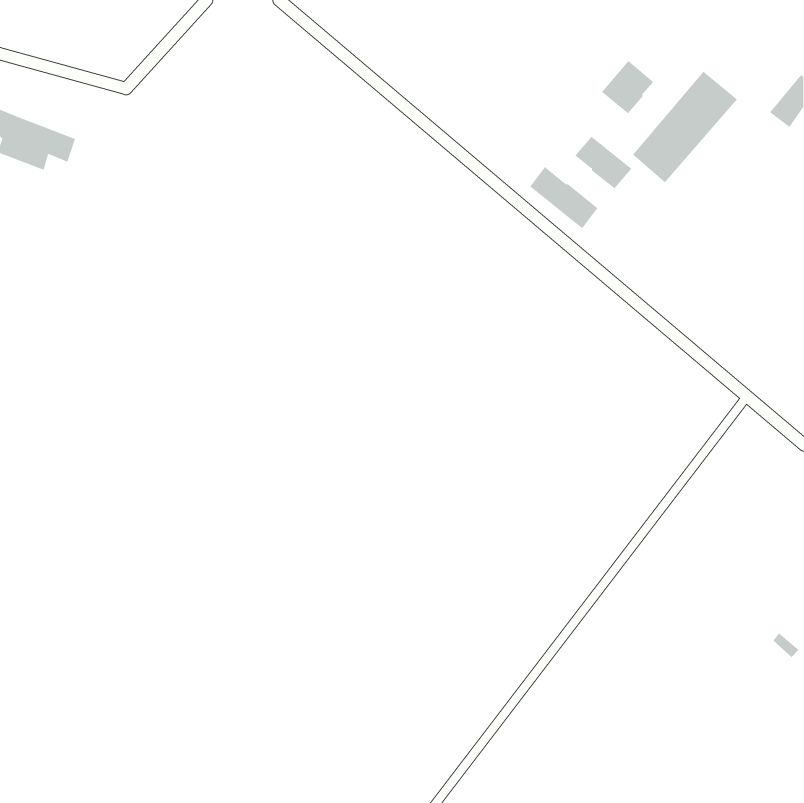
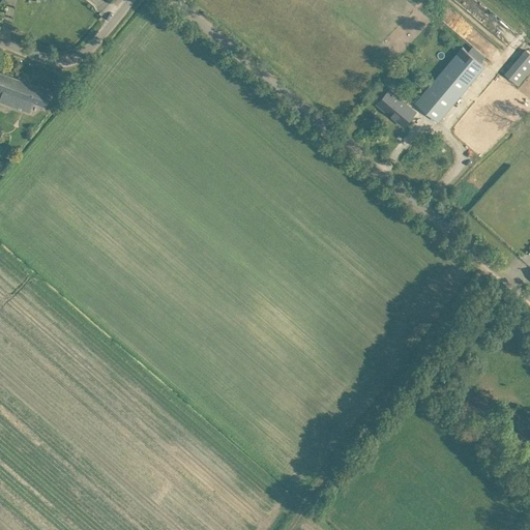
building: [601,60,655,114] -> none
building: [530,166,598,229] -> none

